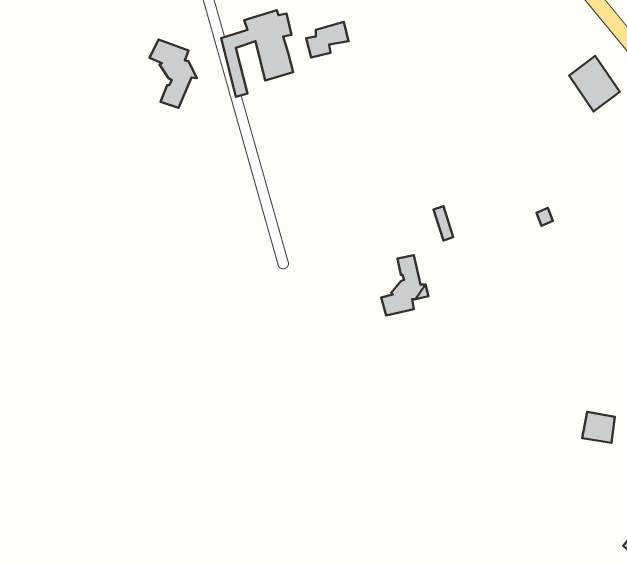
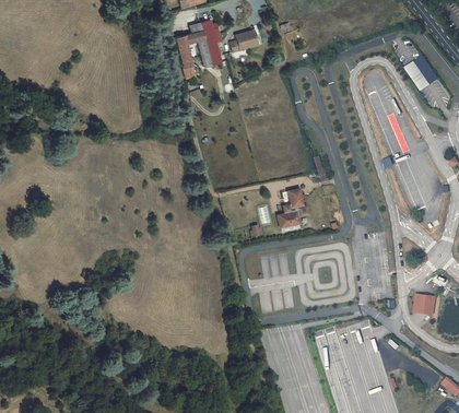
building: [149,40,197,108] -> none

